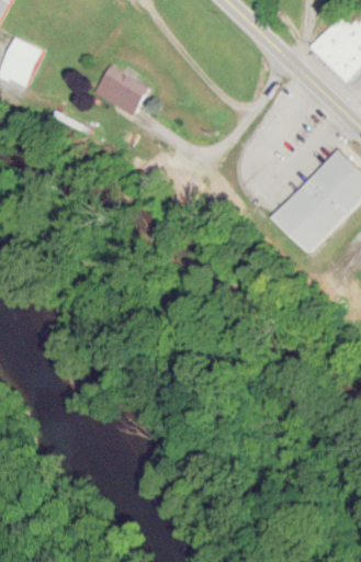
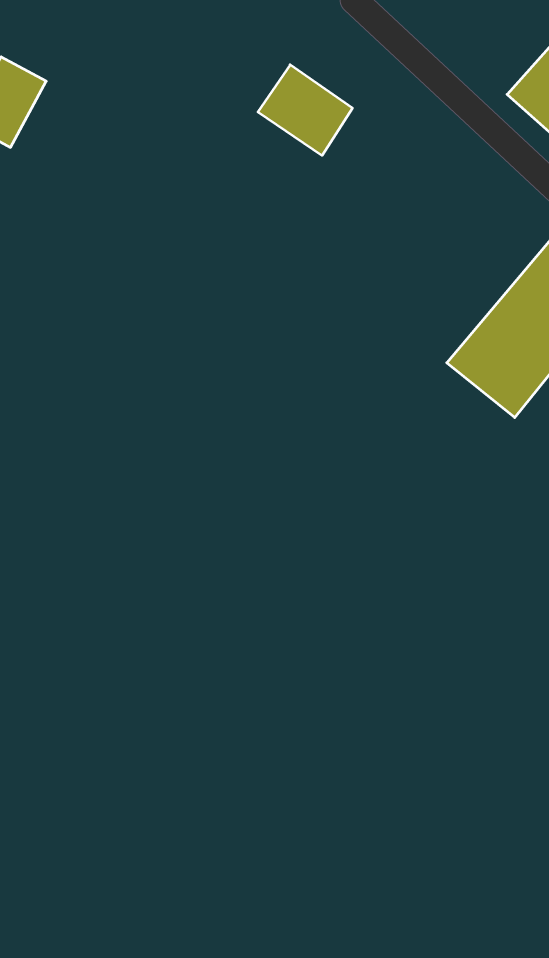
building: [93,65,148,117] -> [258,65,352,155]

